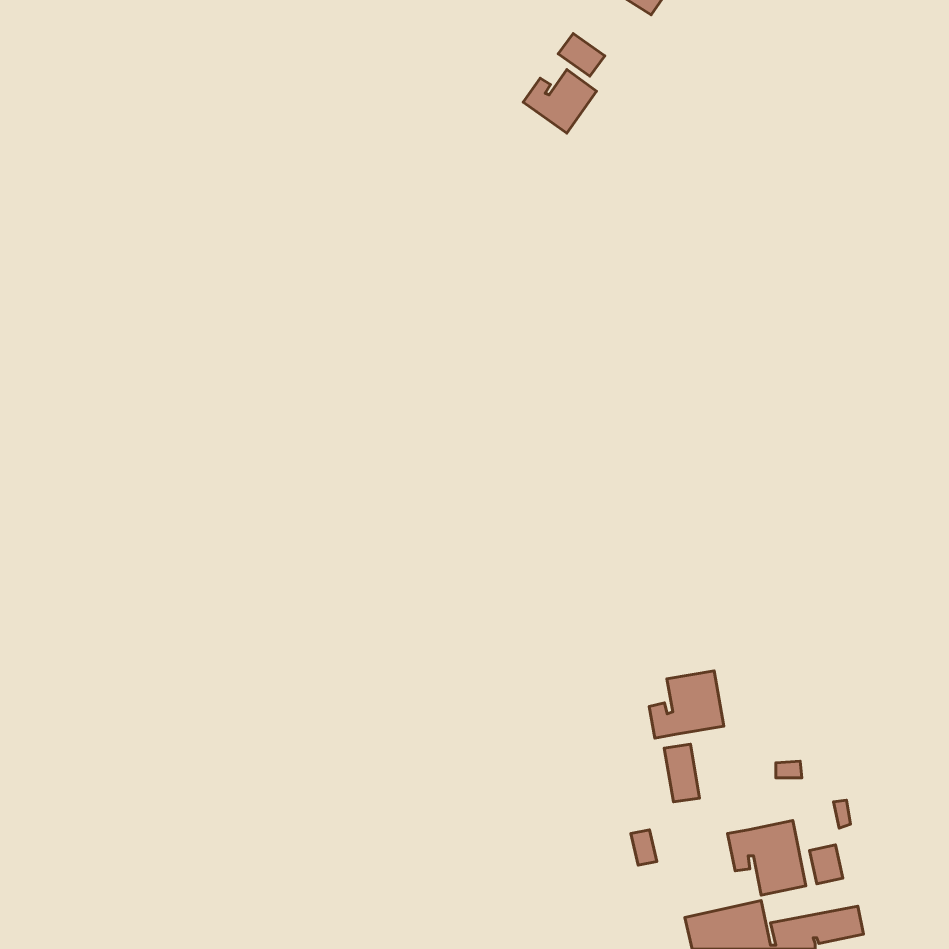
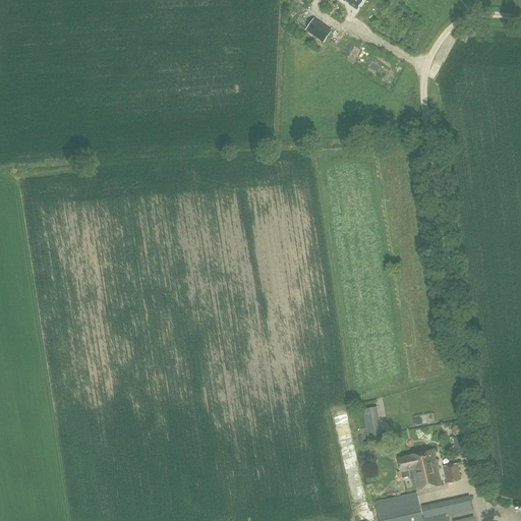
building: [523,70,597,133] -> none
building: [649,671,724,738] -> none

